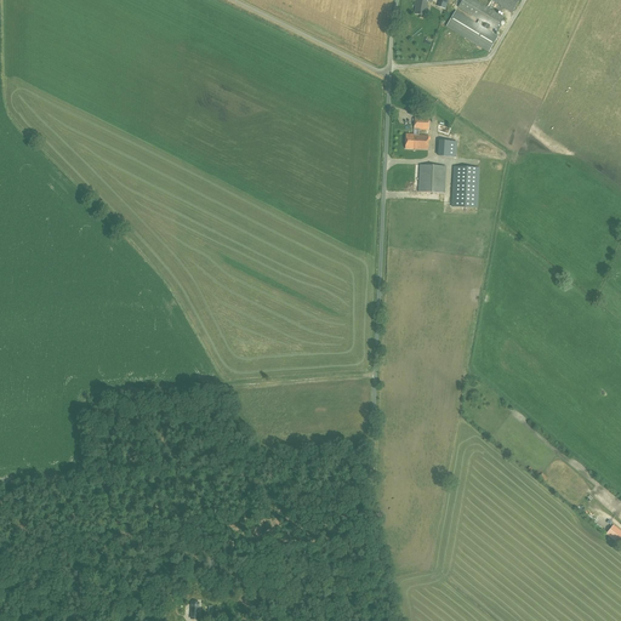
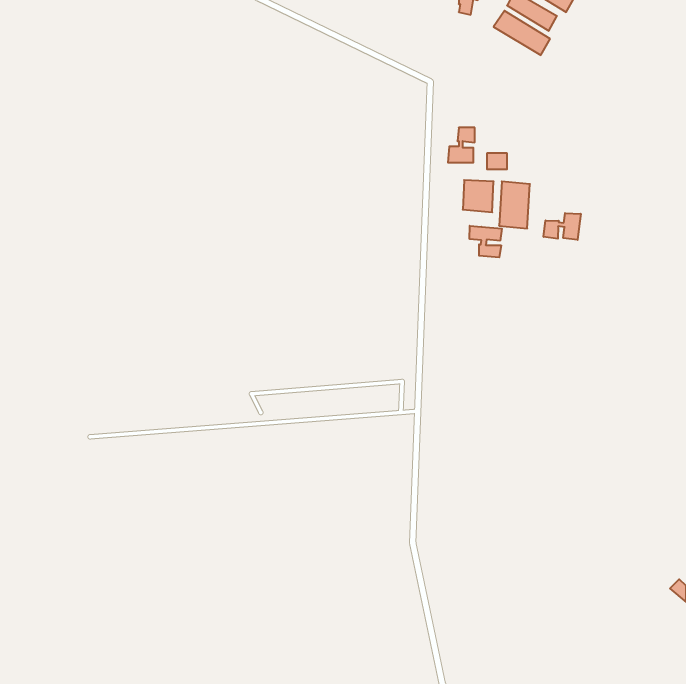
building: none -> [544,213,581,240]
building: none -> [470,226,502,257]

